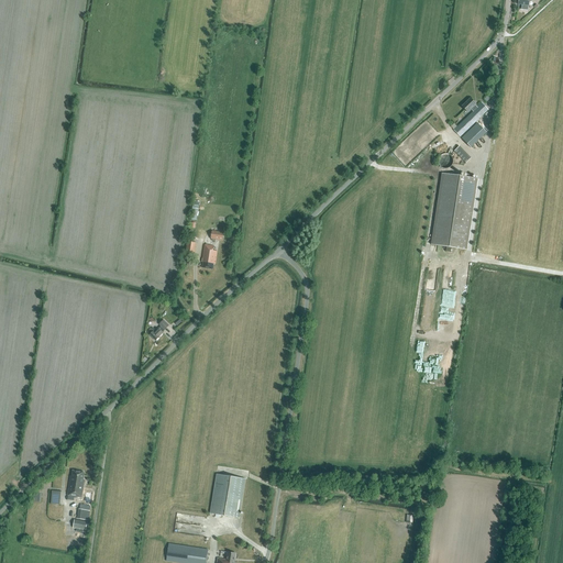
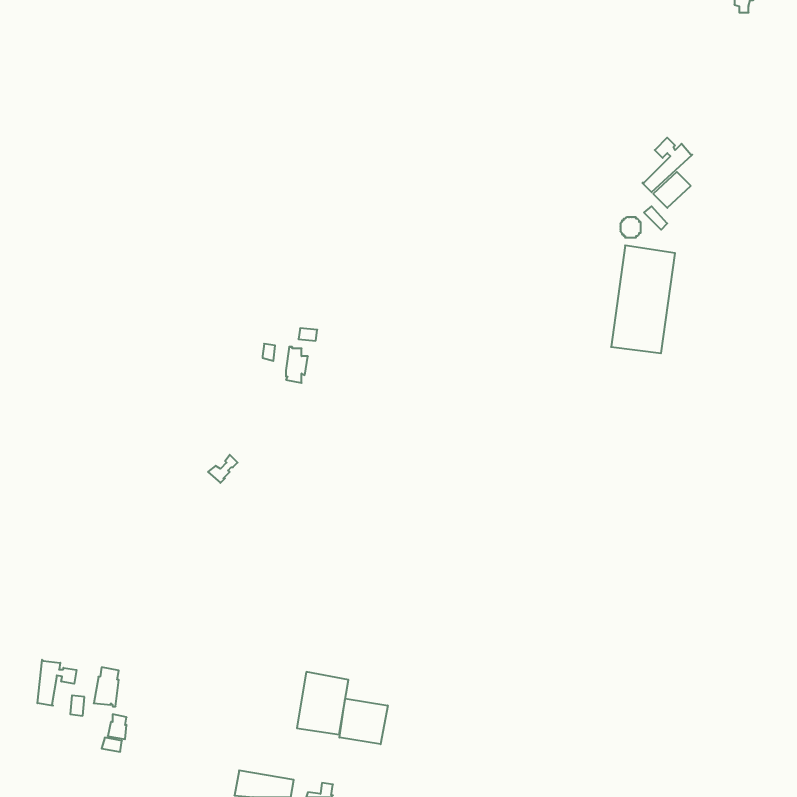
building: none -> [37,660,77,706]
building: none -> [339,698,388,744]

